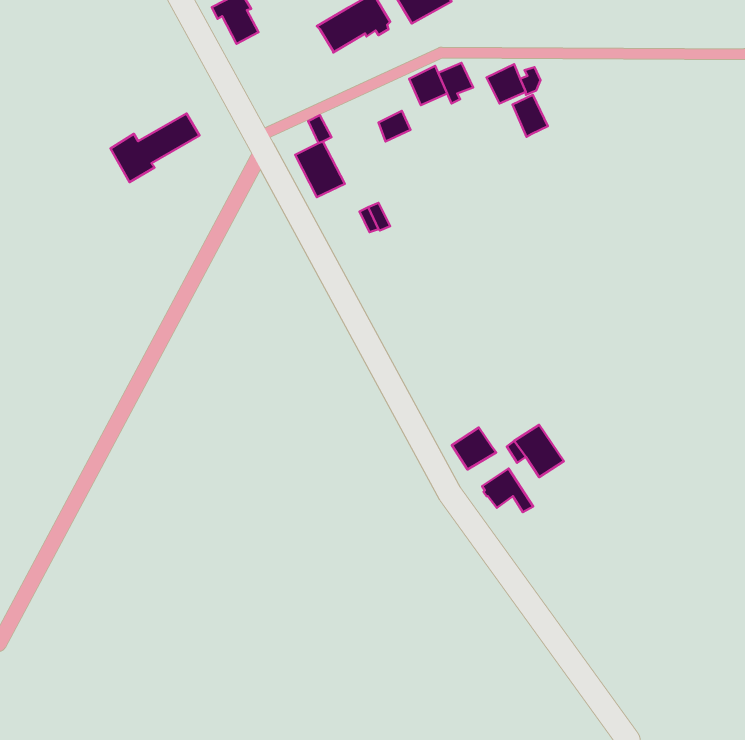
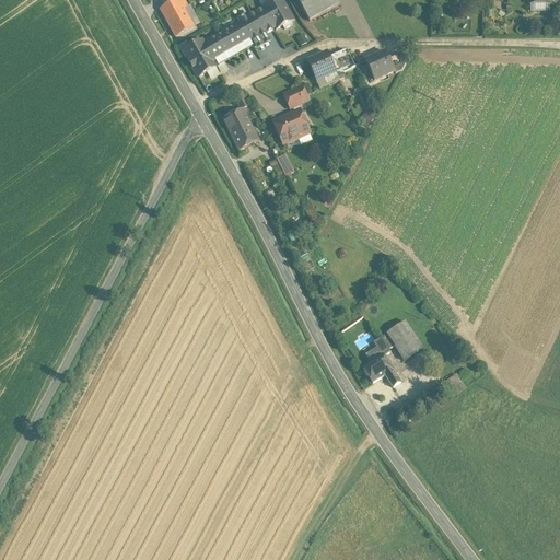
building: [512,95,548,137] -> none
building: [111,114,200,182] -> [183,22,249,73]
building: none -> [272,107,308,141]
building: [452,428,496,469] -> none

